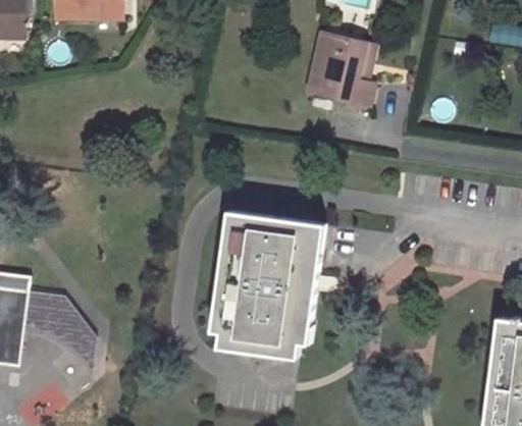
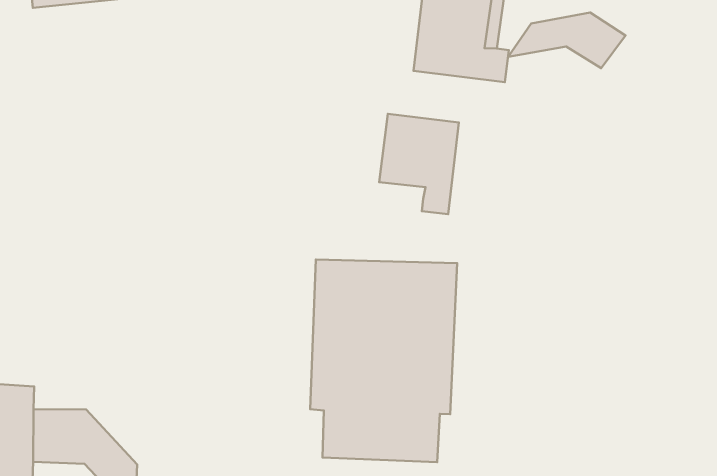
building: none -> [508,12,625,68]
building: none -> [379,114,459,214]

